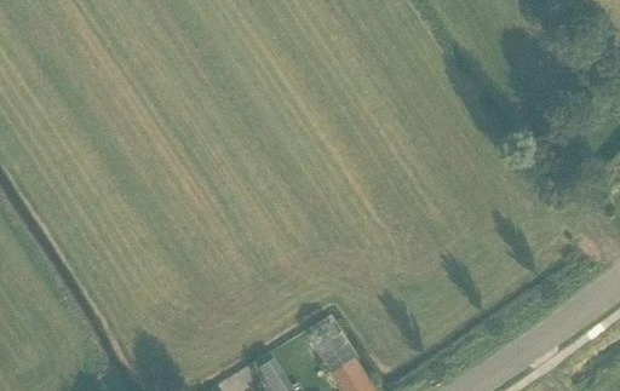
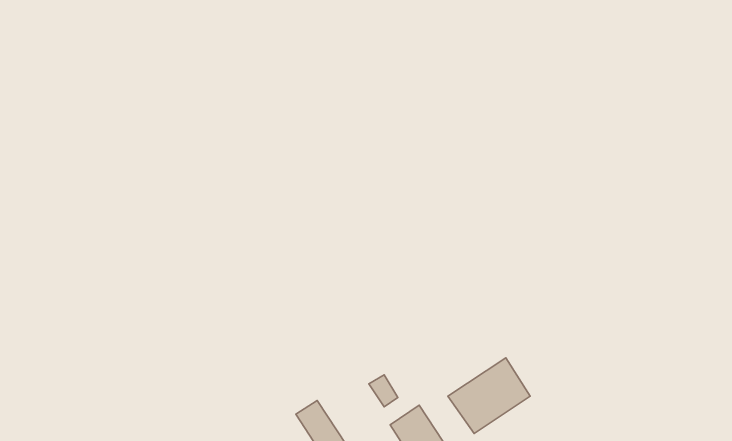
building: none -> [448,358,530,433]

